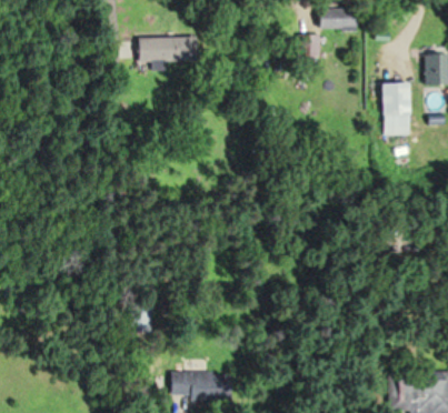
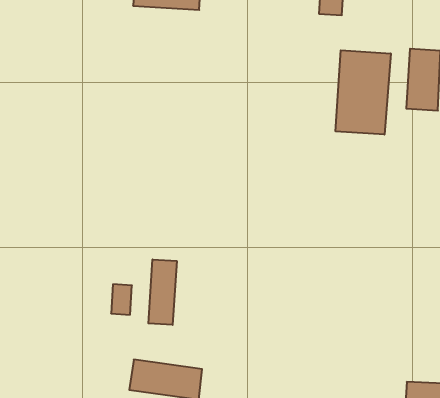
building: none -> [336,50,391,135]
building: none -> [148,259,177,325]

